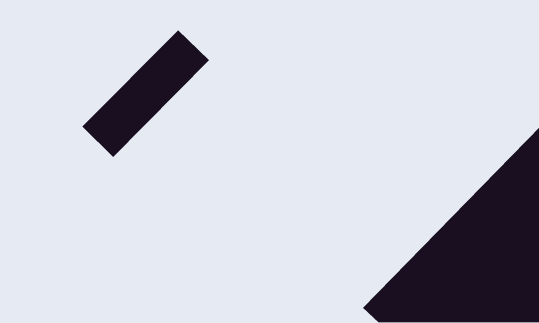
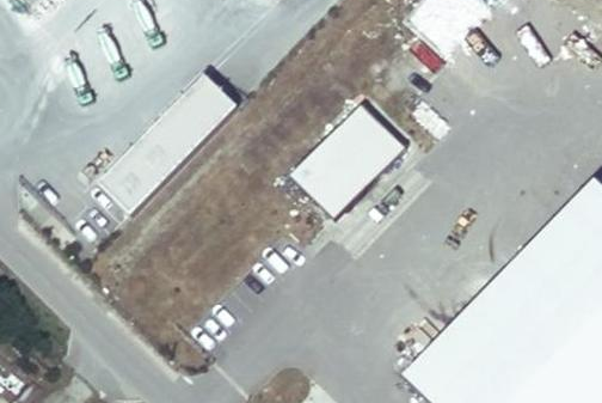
building: none -> [291,100,404,216]

